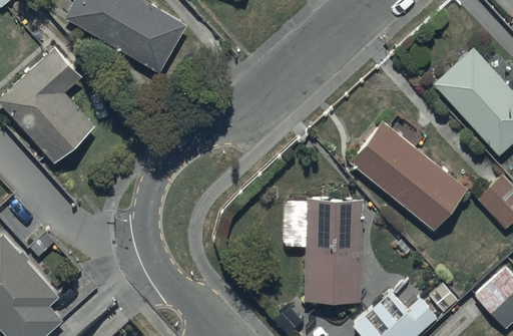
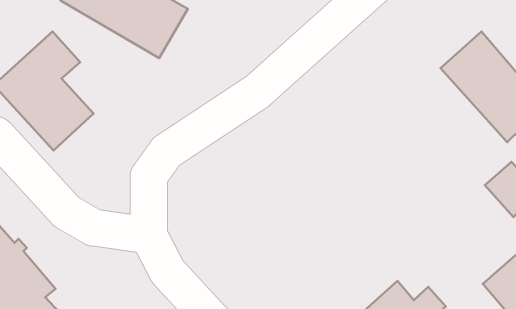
building: [350,120,468,231] -> none
building: [297,199,363,304] -> none

